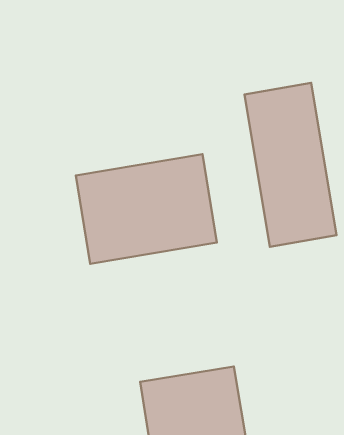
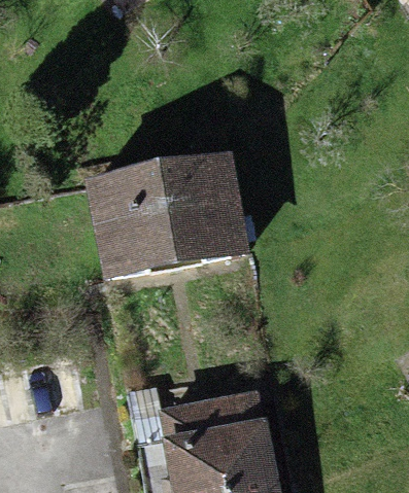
building: [244,83,336,247] -> none

